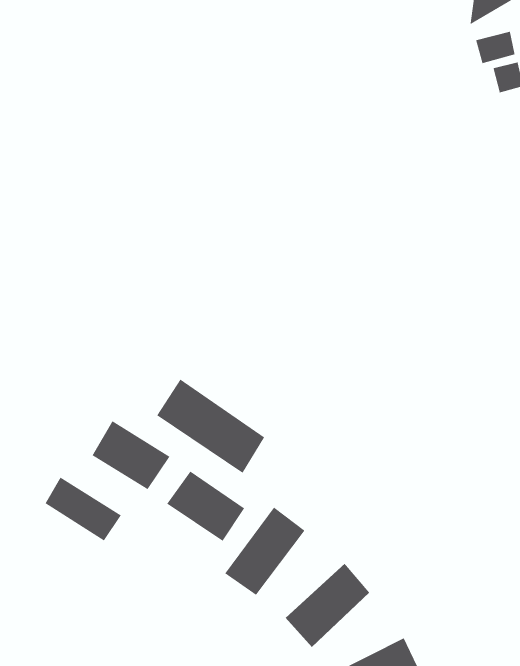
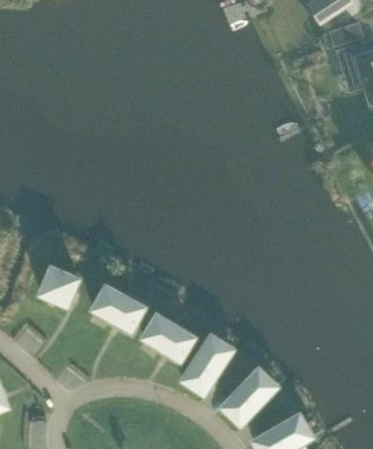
building: [156,378,265,474] -> none
building: none -> [40,267,77,304]
building: [44,476,122,542] -> none

